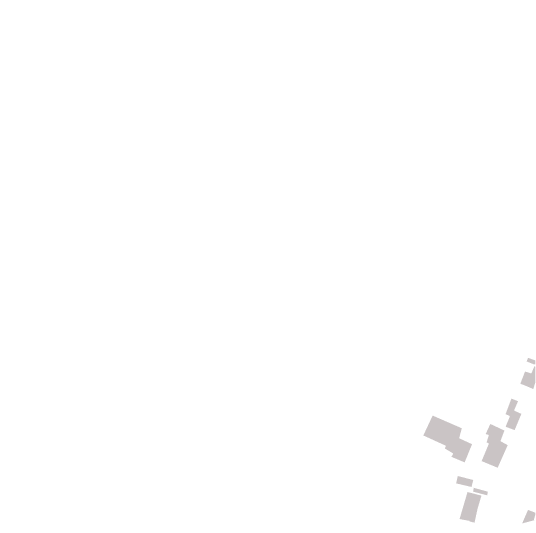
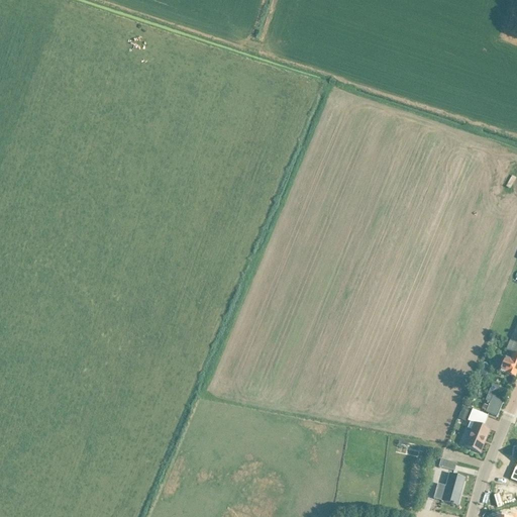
building: [422,415,473,464] -> none

